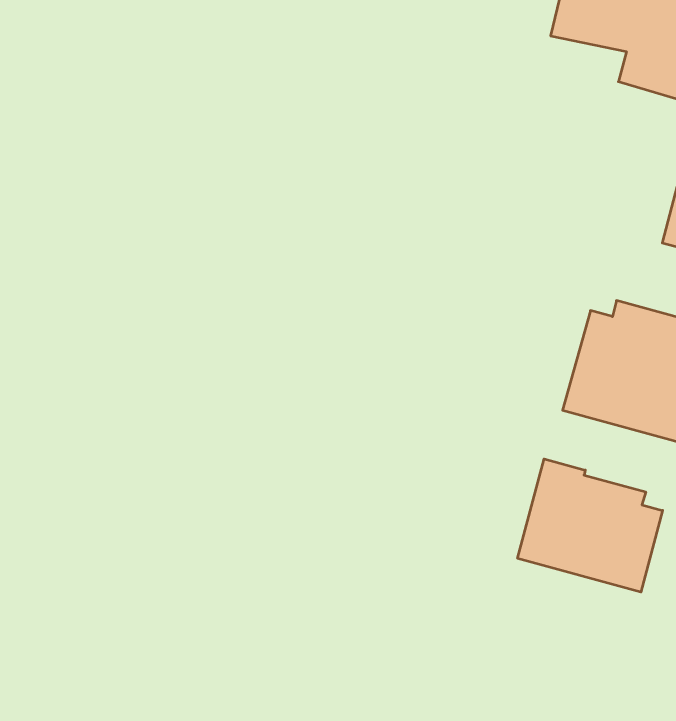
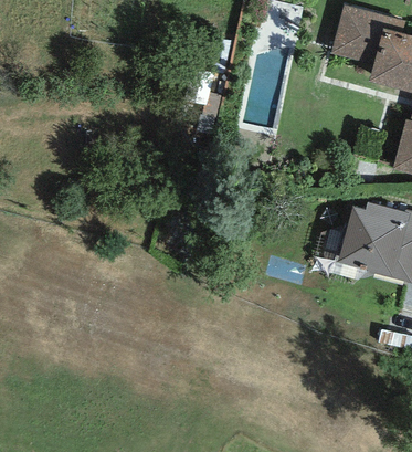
building: [518,459,663,592] -> none

